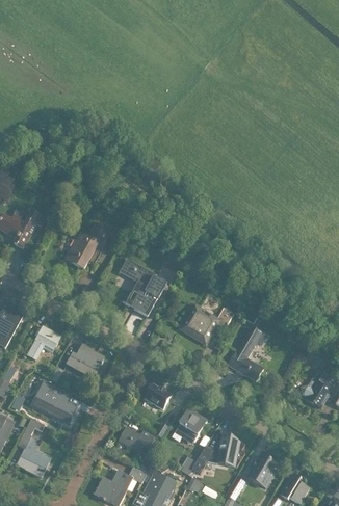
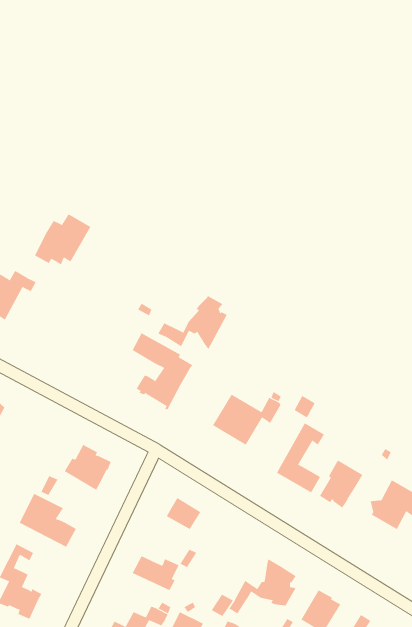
building: [64,227,108,266] -> [34,213,91,265]
building: none -> [158,295,227,350]
building: [26,325,59,359] -> none
building: none -> [319,459,363,508]
building: [172,410,206,442] -> none

